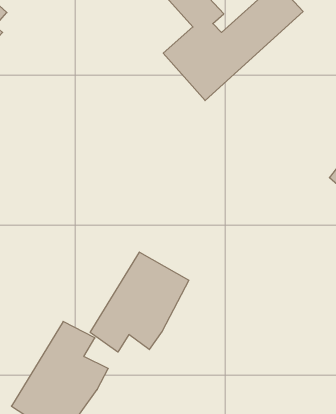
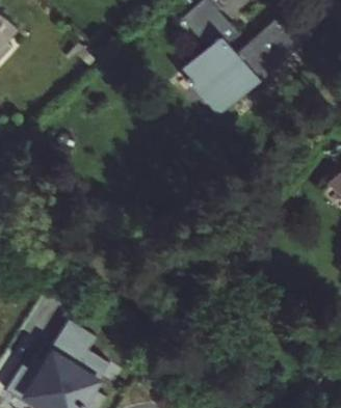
building: [90,252,189,352] -> none

